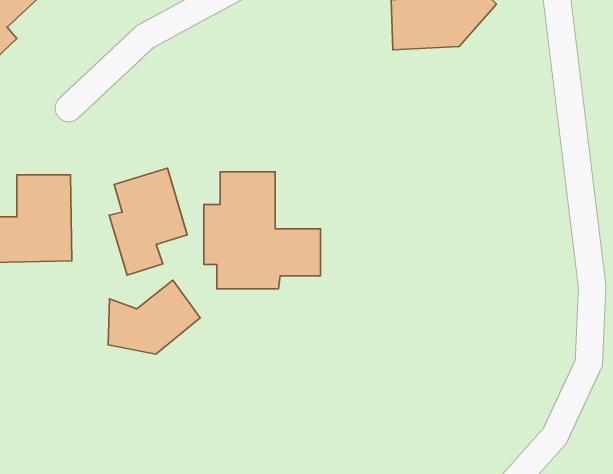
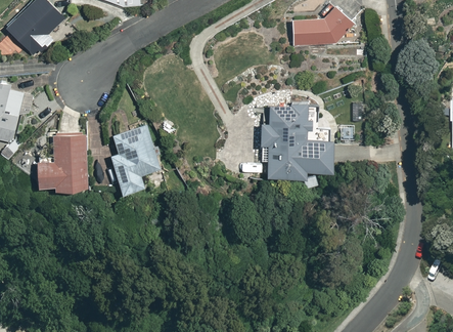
building: [204,172,321,289] -> [260,101,333,175]
building: [108,280,200,354] -> none

